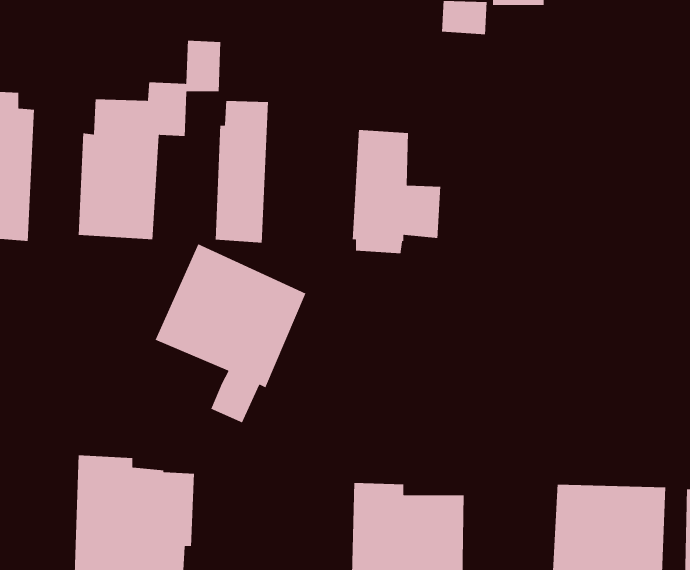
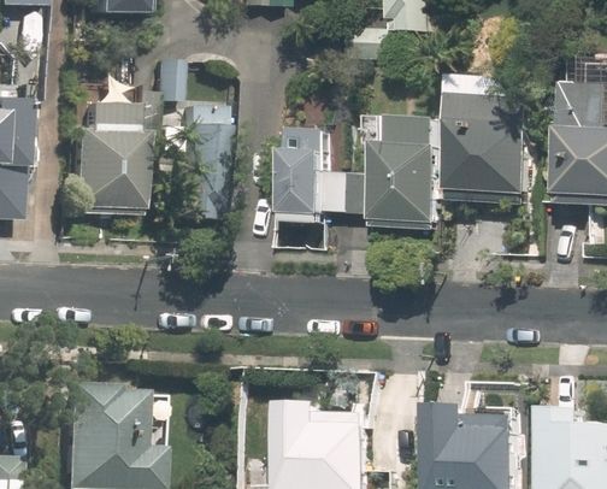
building: none -> [453,76,536,204]
building: none -> [348,116,437,228]
building: [154,243,307,423] -> none

